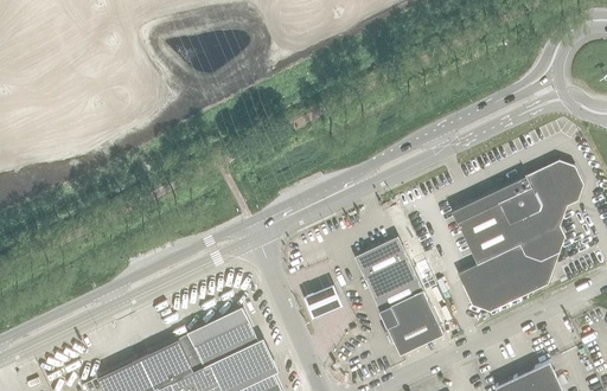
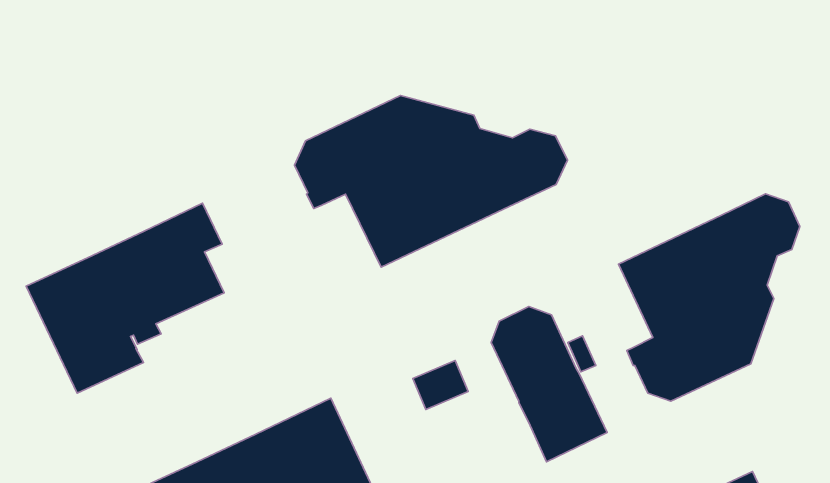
building: none -> [295,95,567,267]
building: none -> [26,203,224,393]

